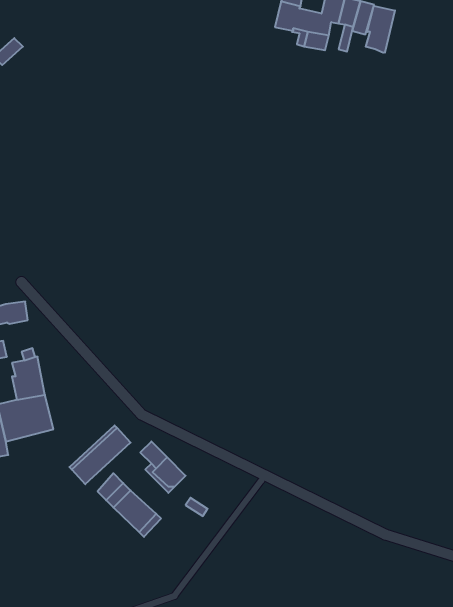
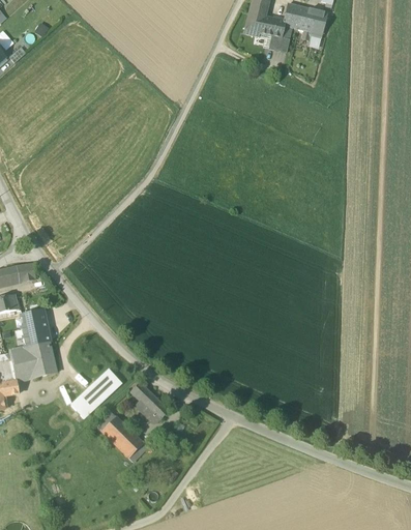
building: [366,6,395,53] -> none

